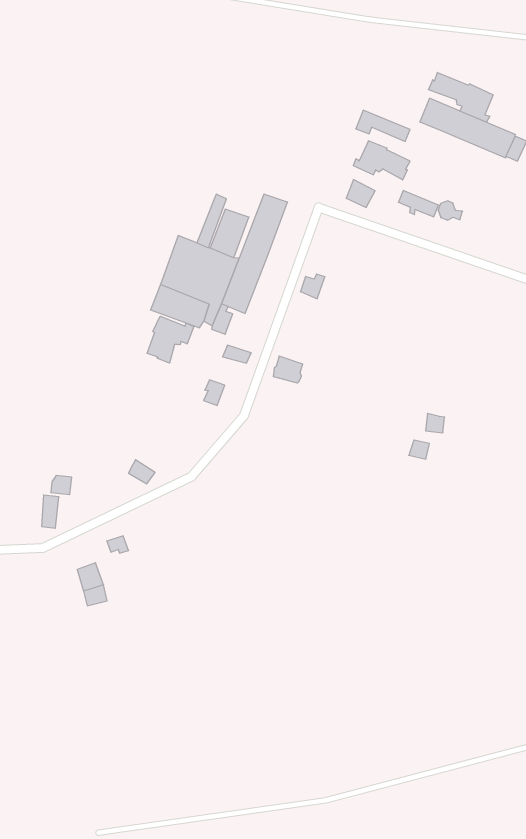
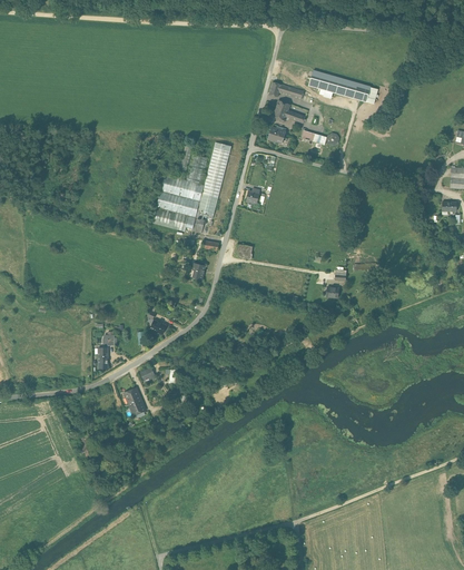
building: [429,72,493,122] -> none
building: [147,316,194,363] -> none

